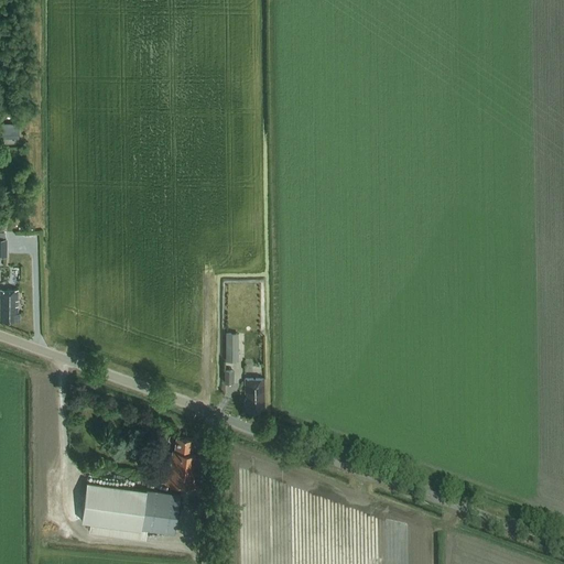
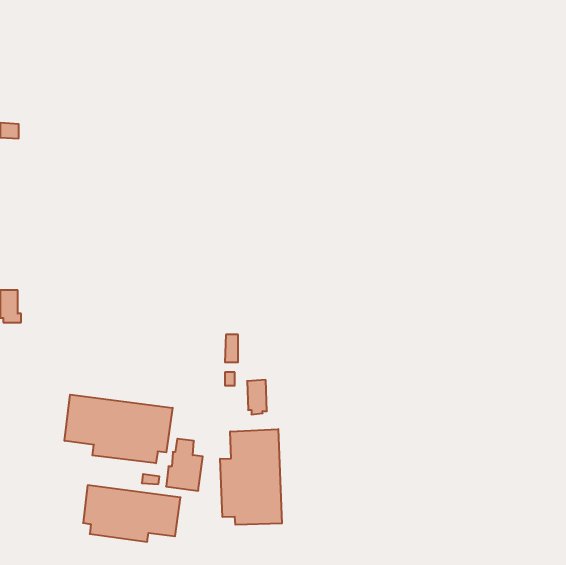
building: none -> [65,395,173,463]
building: none -> [220,429,282,525]

